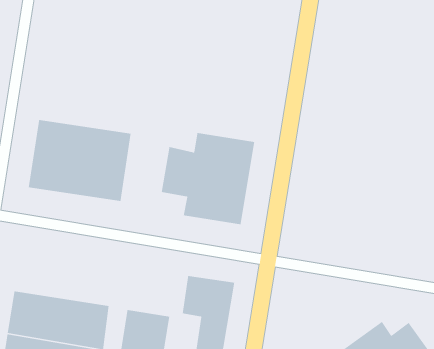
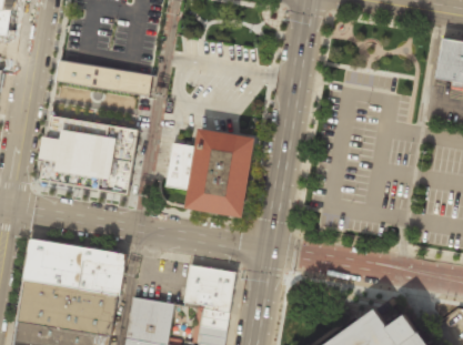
building: none -> [56,61,151,95]
building: none -> [24,239,124,294]

